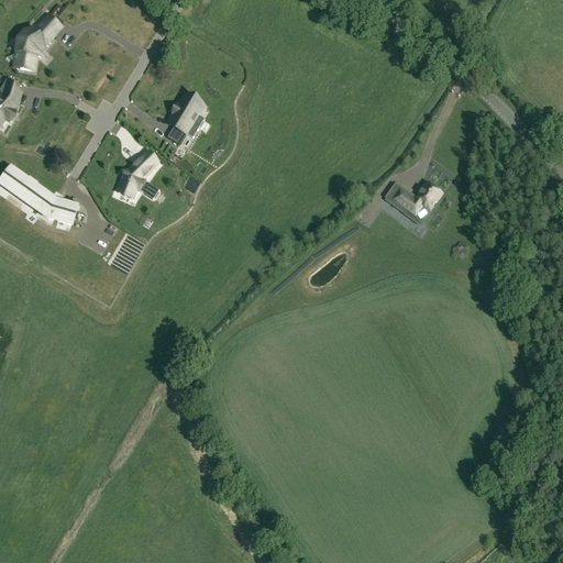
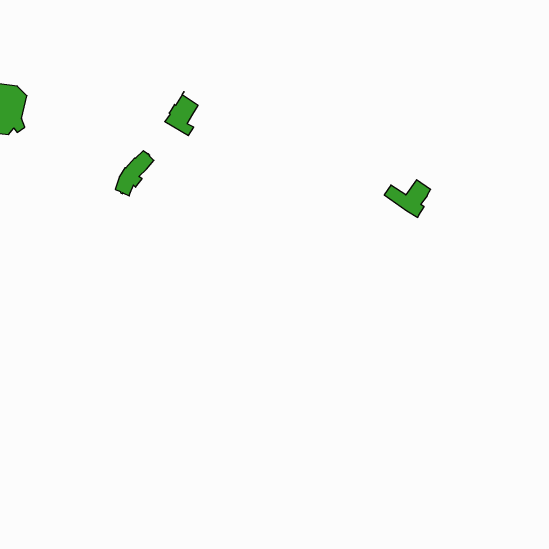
building: [10,13,55,68] -> none
building: [5,174,74,225] -> none

